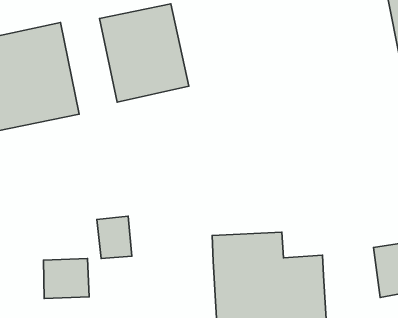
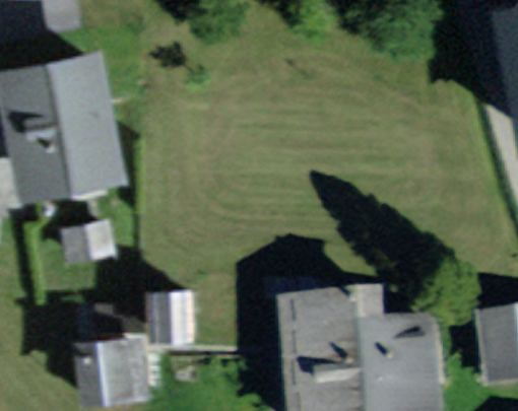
building: [100,4,189,102] -> none

